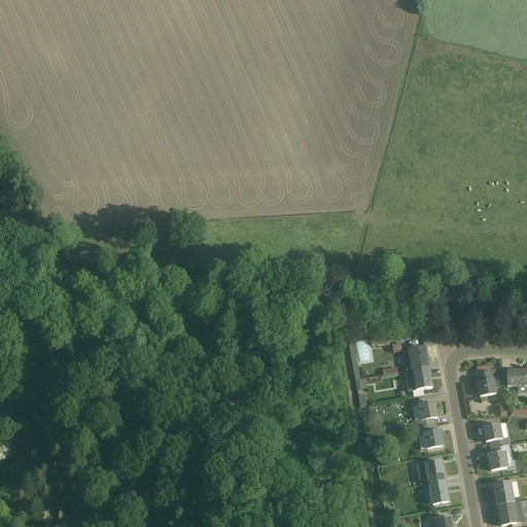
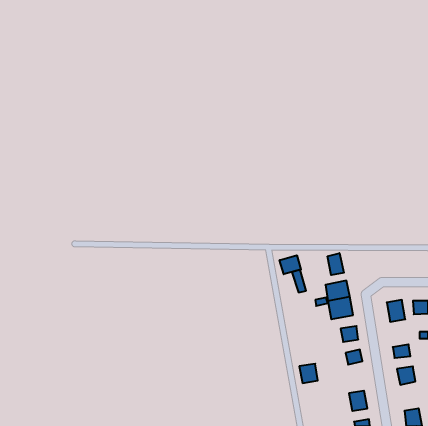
building: none -> [328,253,344,275]
building: none -> [280,255,301,274]
building: [423,458,446,482] -> [299,364,318,383]
building: [491,480,513,503] -> none

